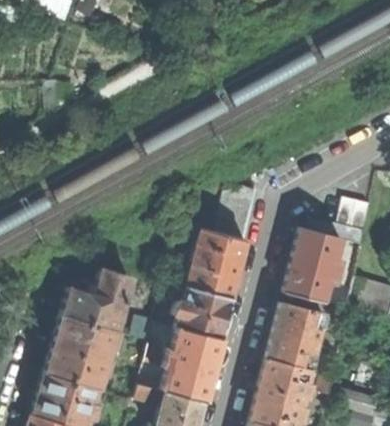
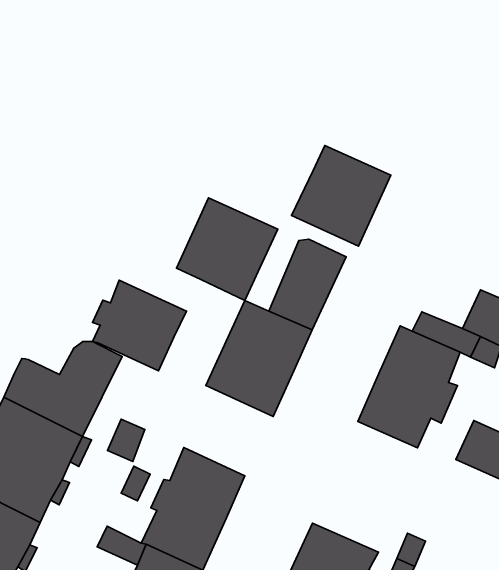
building: none -> [292,145,391,246]
building: none -> [177,198,278,300]
building: [174,287,231,339] -> [93,280,187,371]
building: [267,305,325,372] -> none

